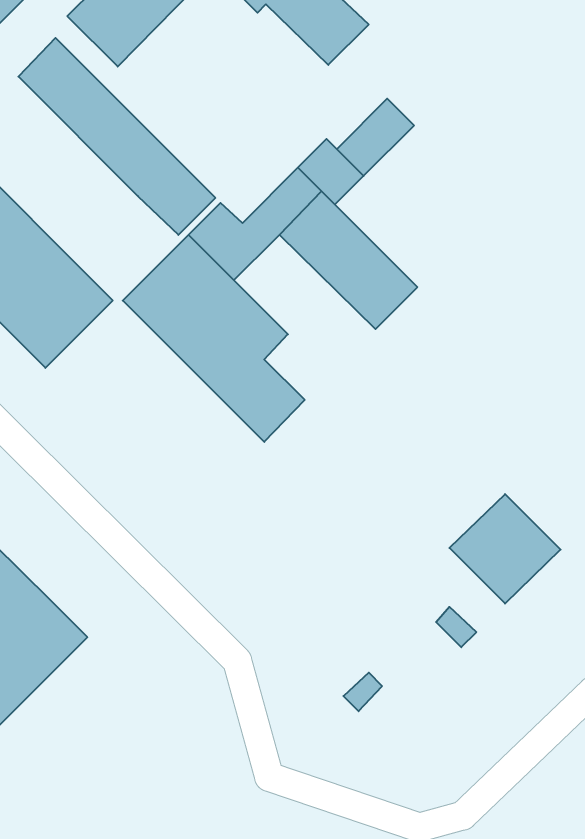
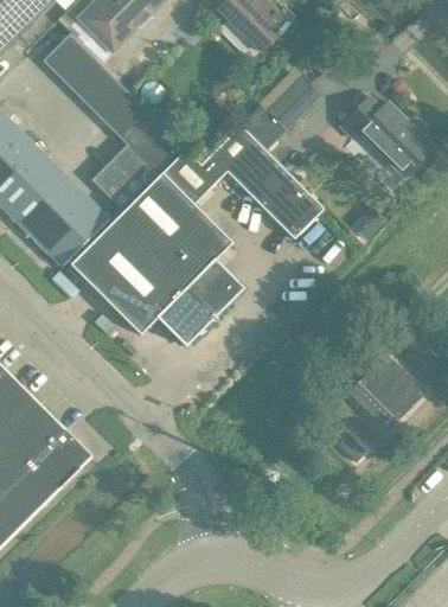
building: none -> [339,95,433,175]
building: none -> [90,143,154,206]
building: none -> [69,217,215,345]

